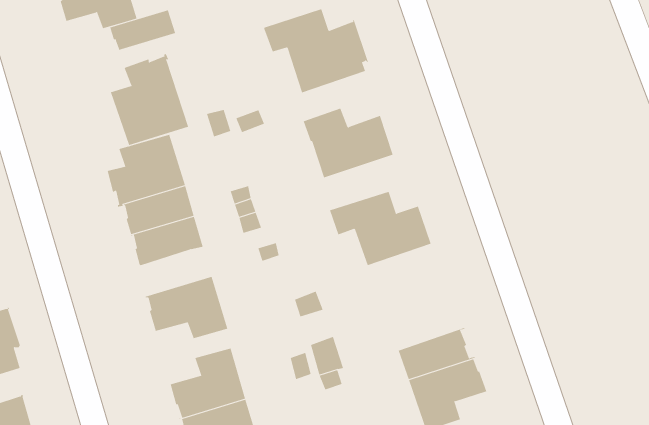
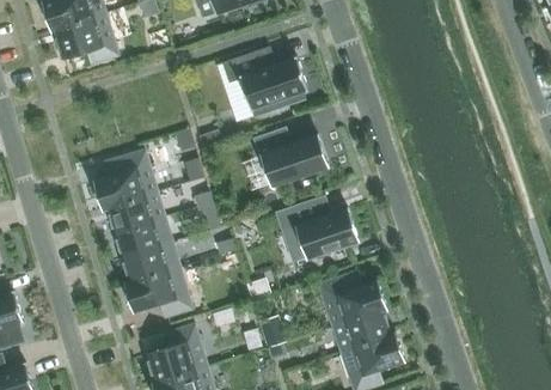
building: [109,9,176,51] -> none
building: [110,53,189,146] -> none
building: none -> [121,242,179,282]
building: none -> [317,270,386,327]

